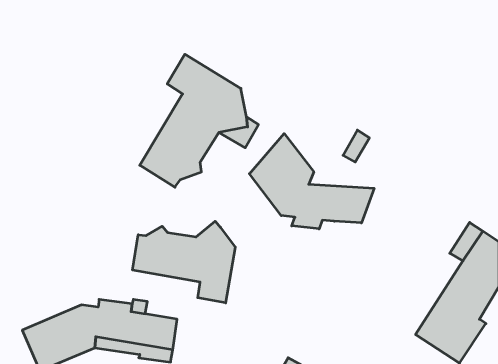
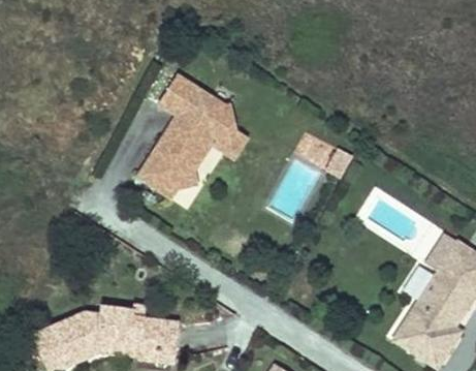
building: [249,134,374,229] -> none
building: [133,221,235,303] -> none

